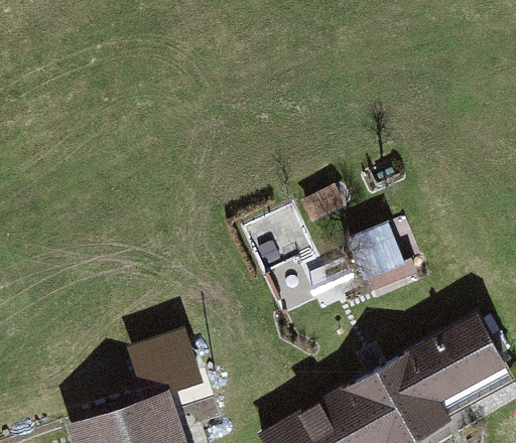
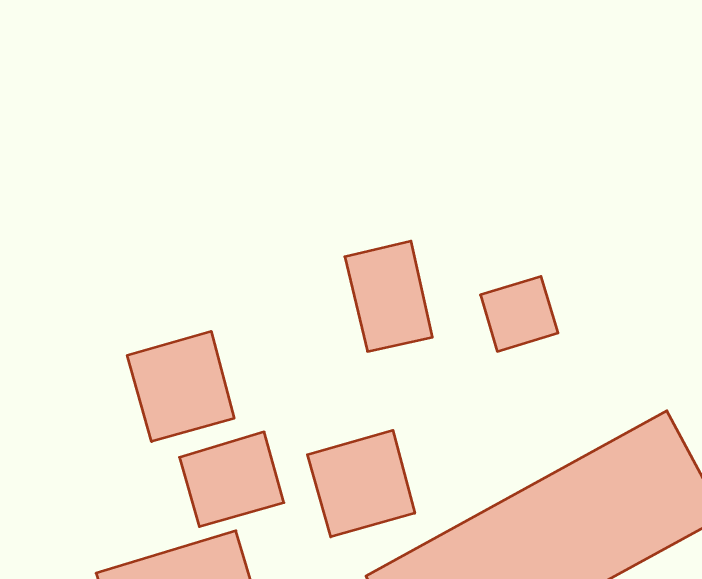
building: none -> [127,331,234,442]
building: none -> [307,430,415,537]

